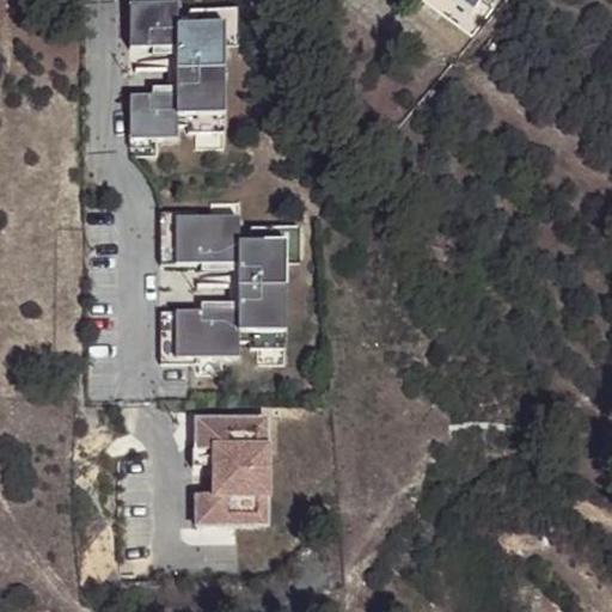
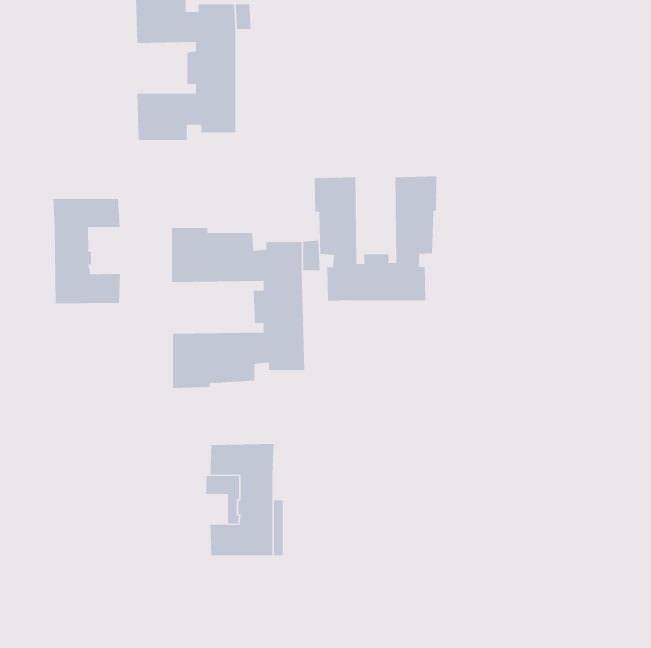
building: none -> [314,176,437,301]
building: none -> [53,198,121,304]

